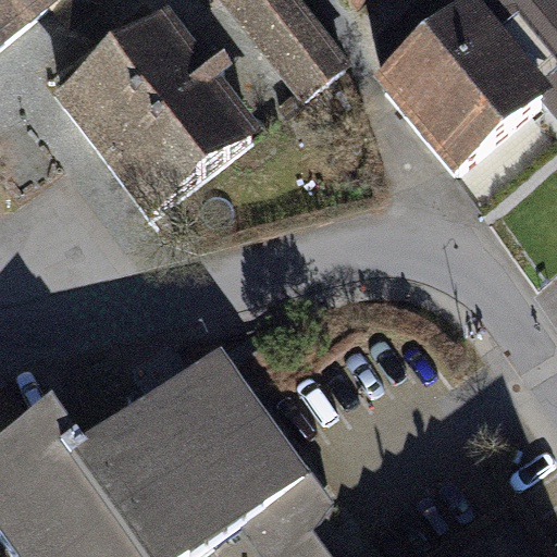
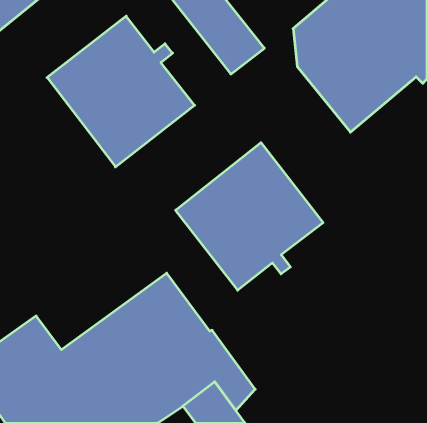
building: none -> [176,143,323,290]

